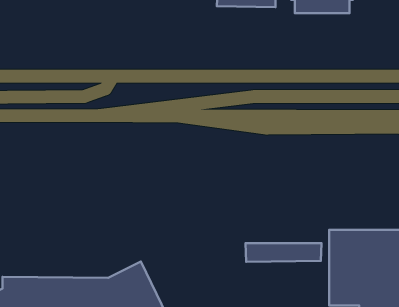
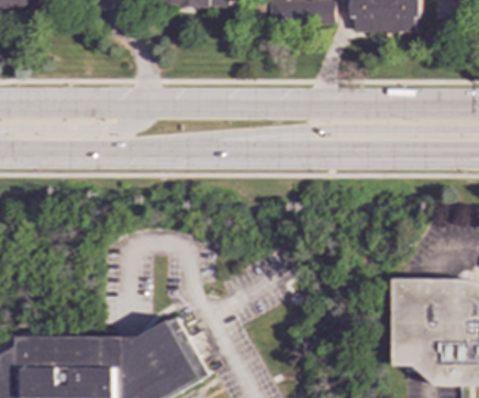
building: [245,243,321,262] -> none

